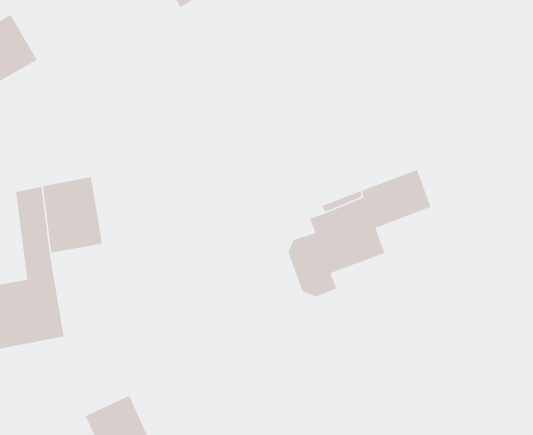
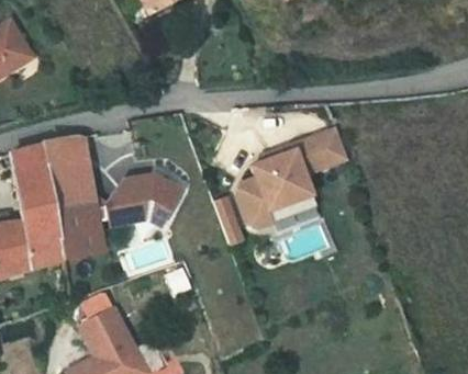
building: none -> [45,182,174,264]

